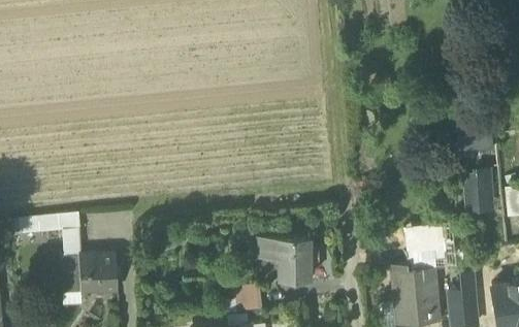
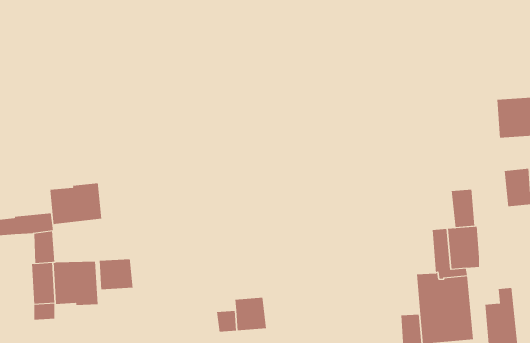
building: none -> [50,183,102,225]
building: none -> [451,189,475,228]
building: [259,238,312,281] -> none
building: none -> [99,259,133,290]

